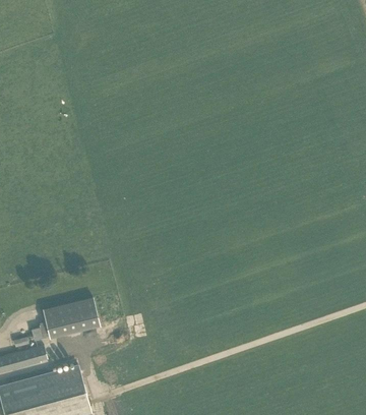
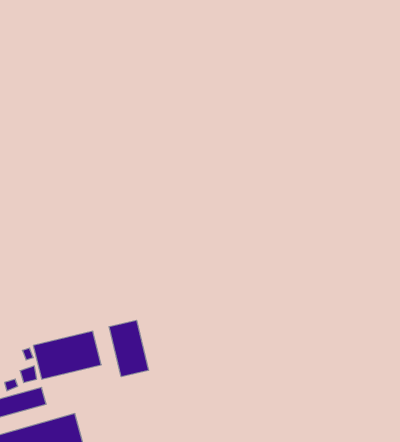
building: none -> [109,320,149,377]

